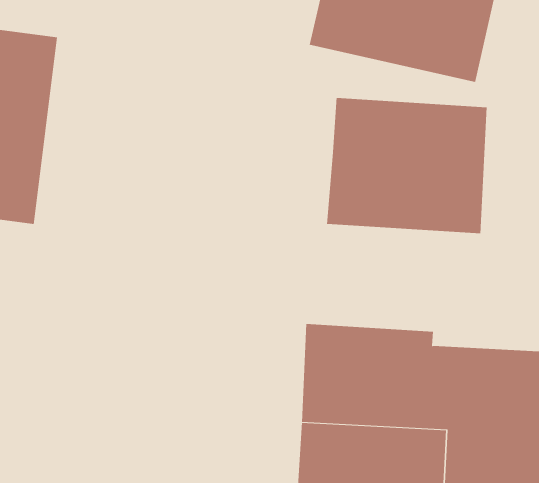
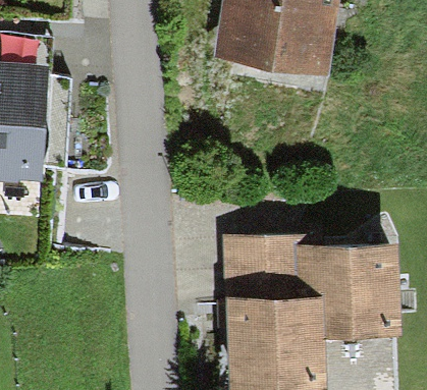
building: [326,97,487,234] -> none

